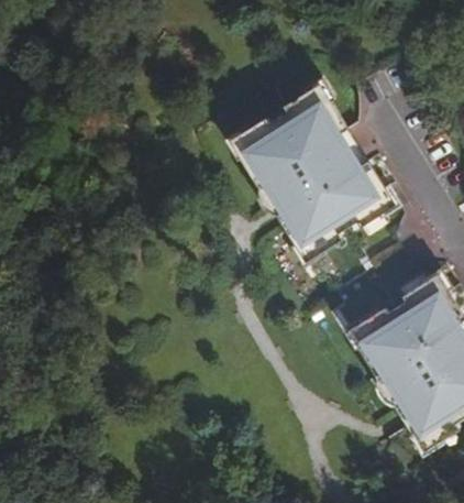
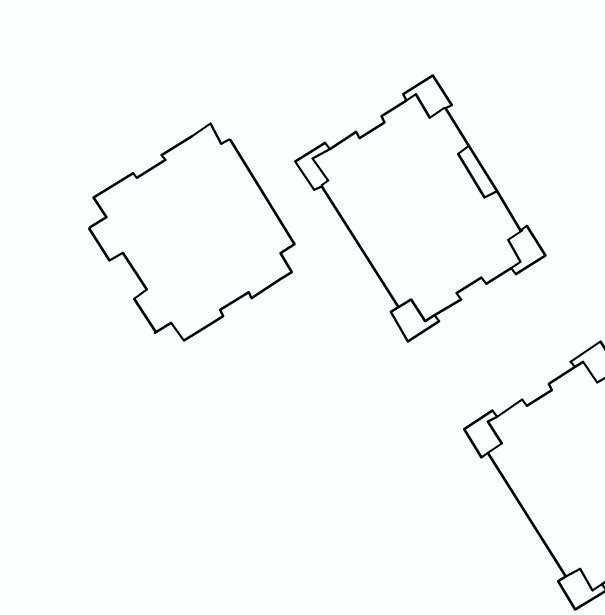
building: none -> [89,123,295,341]

